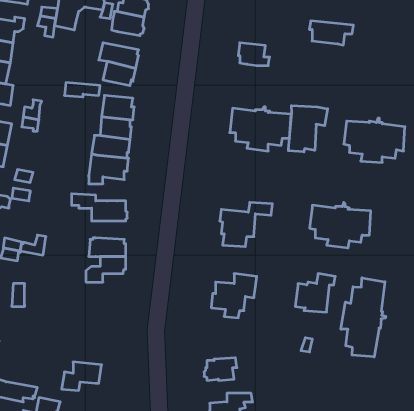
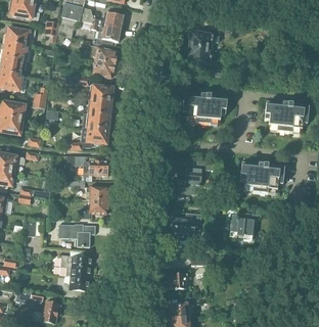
building: [309,21,353,45] -> [187,32,219,49]
building: [288,106,328,152] -> none
building: [341,278,386,357] -> none
building: none -> [57,223,95,246]
building: none -> [59,253,92,277]

